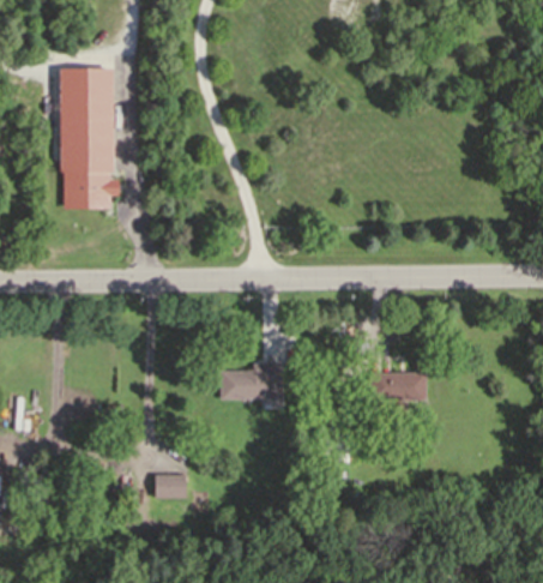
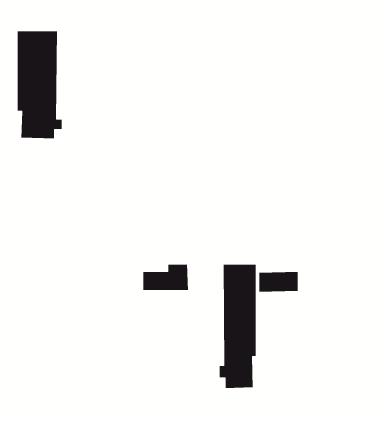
building: none -> [219,264,257,389]
building: [156,475,187,500] -> none

